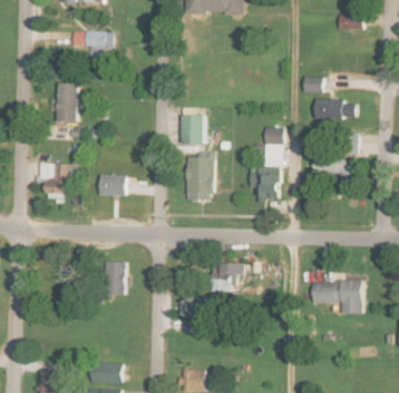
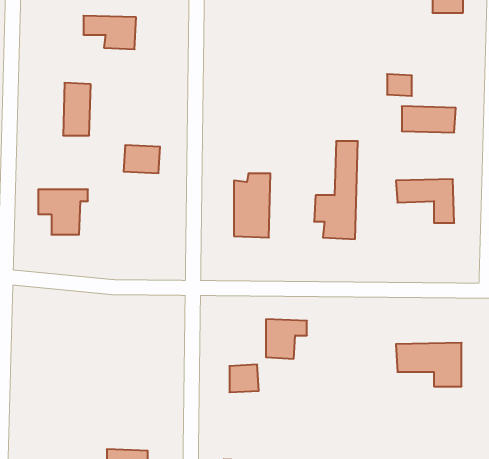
building: [181,115,202,144] -> none
building: [98,175,126,196] -> [124,145,160,173]
building: [104,262,125,295] -> none

